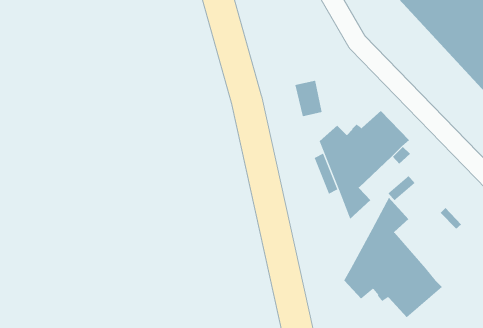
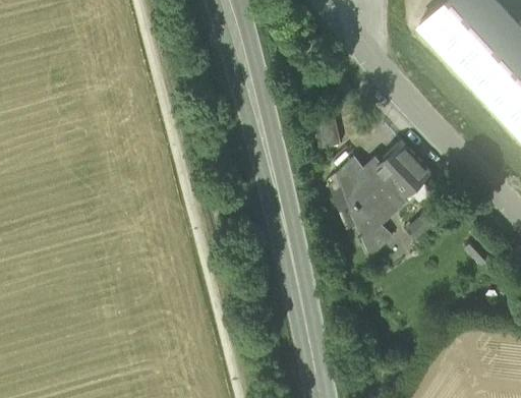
building: [344,197,443,318] -> none

